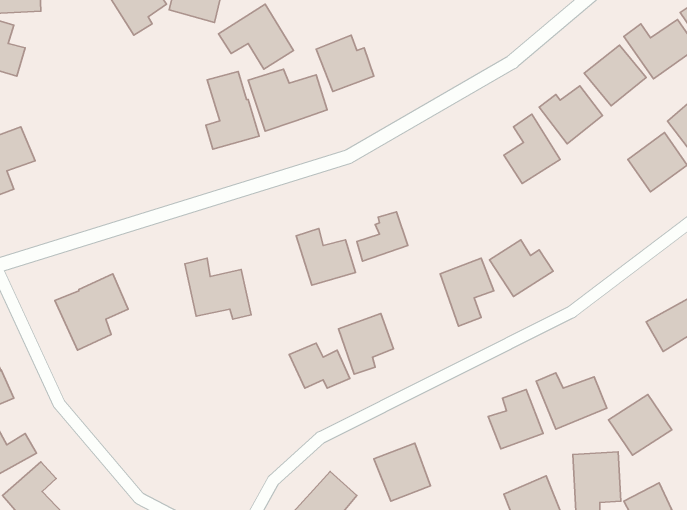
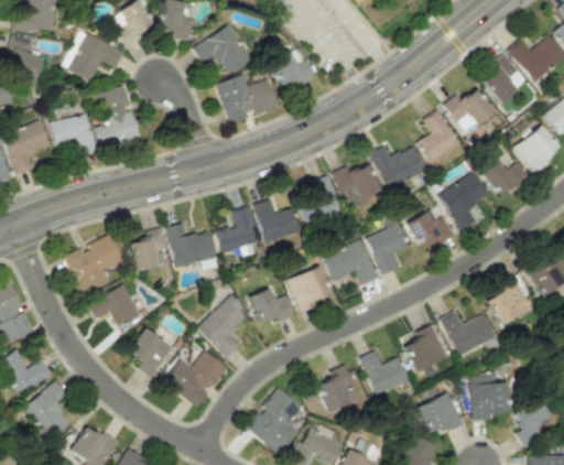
building: none -> [69,33,124,82]
building: [206,71,259,149] -> [98,86,140,147]
building: none -> [51,115,97,154]
building: none -> [371,147,426,190]
building: none -> [481,161,528,198]
building: none -> [333,163,381,204]
building: none -> [440,173,488,231]
building: none -> [216,206,259,257]
building: none -> [130,228,169,272]
building: none -> [324,240,379,285]
building: none -> [90,284,141,327]
building: none -> [199,296,251,358]
building: none -> [128,328,174,379]
building: [608,394,672,455] -> [484,279,533,326]
building: none -> [164,350,229,408]
building: none -> [362,352,409,394]

